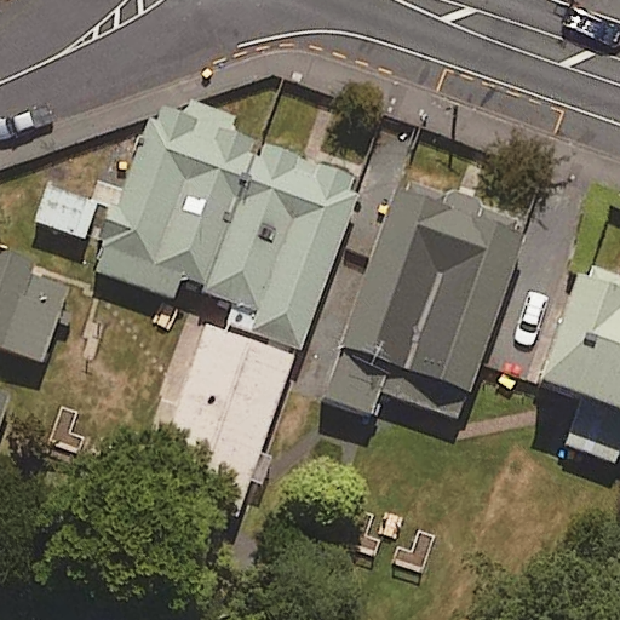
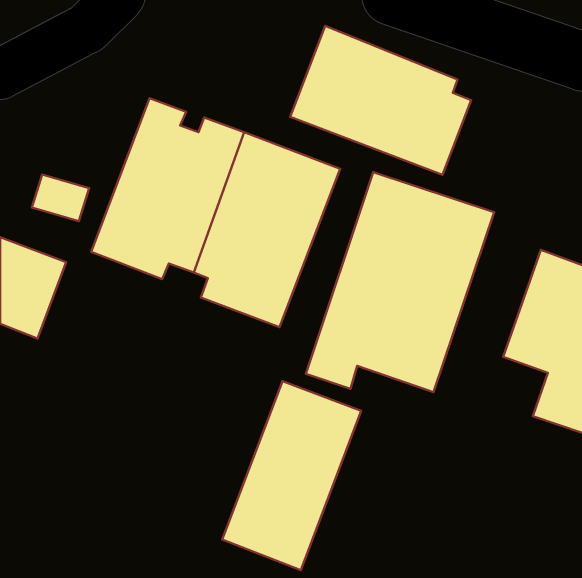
building: none -> [290,26,471,175]
building: [150,316,298,517] -> [222,381,361,570]

